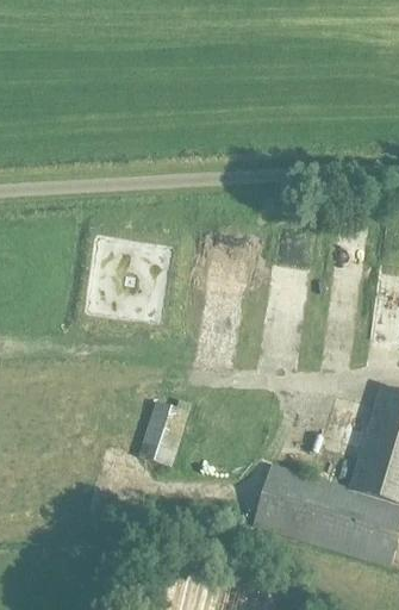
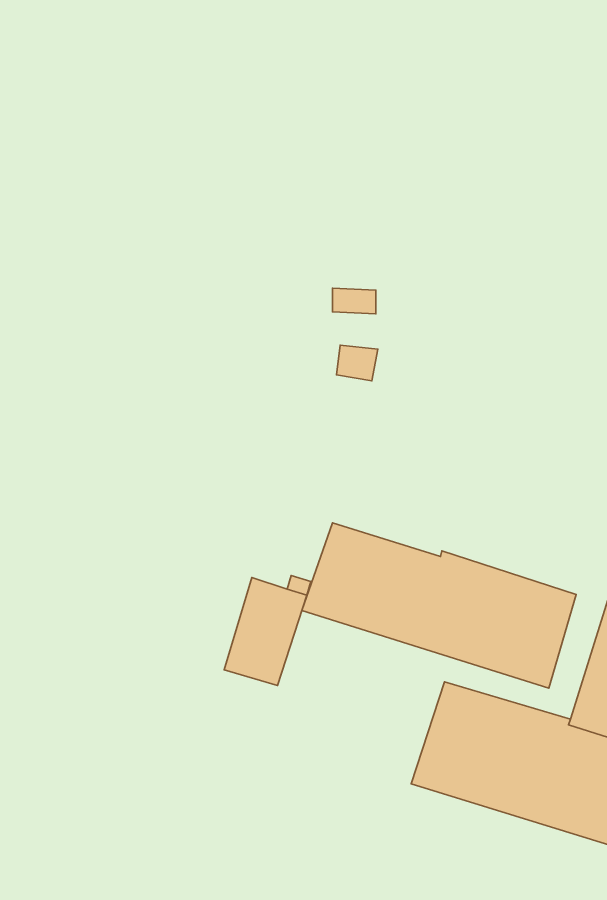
building: none -> [302,523,576,688]

